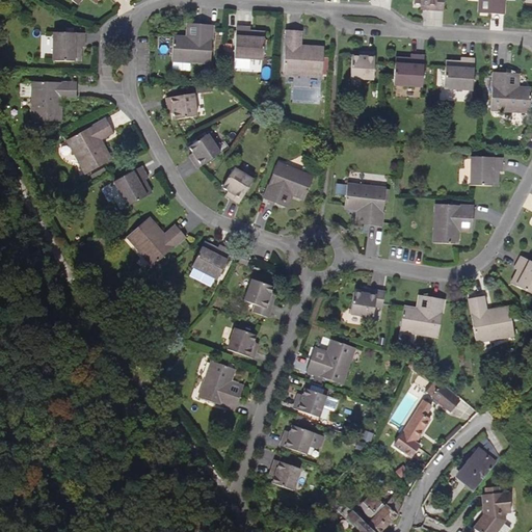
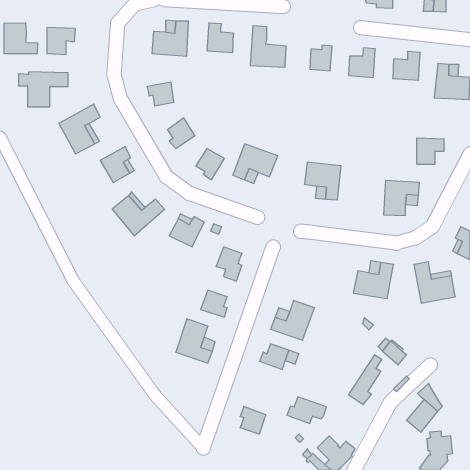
building: none -> [4,23,37,54]
building: [350,288,385,317] -> none
building: [280,424,324,454] -> [287,397,326,424]

